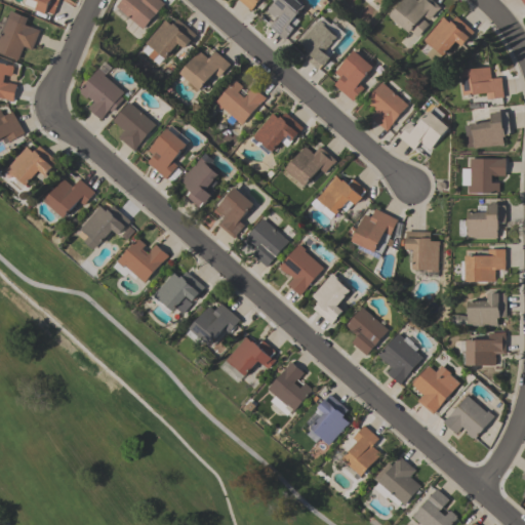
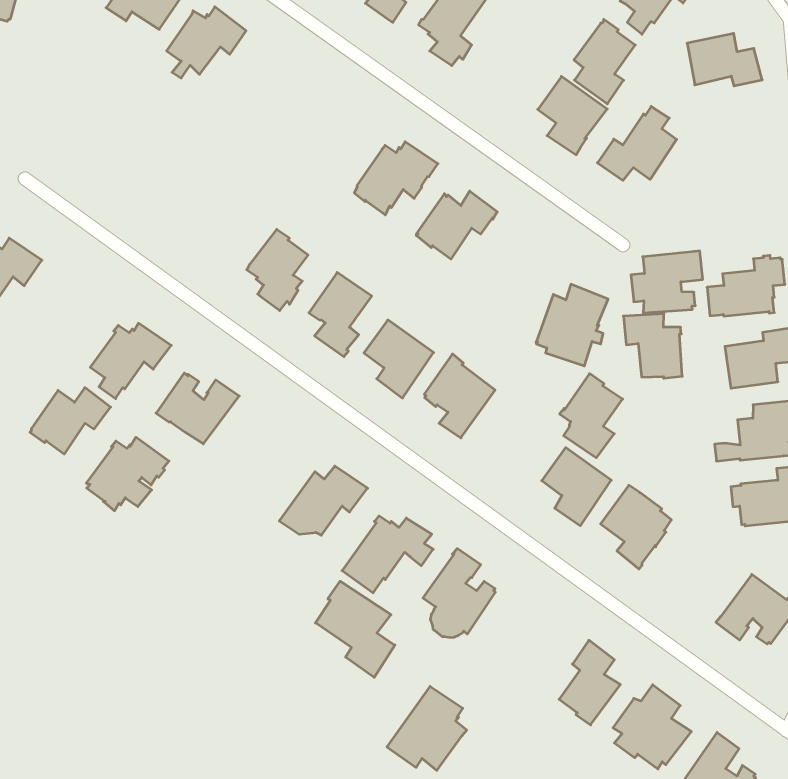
building: [334,49,373,100] -> [574,19,635,104]
building: [179,50,230,91] -> none
building: [80,62,124,119] -> none
building: [213,80,266,124] -> none
building: [113,102,156,150] -> none
building: [463,111,510,148] -> none
building: [147,125,188,178] -> none
building: [461,158,504,193] -> [631,251,703,313]
building: [311,175,365,217] -> none
building: [44,178,94,217] -> [30,388,111,454]
building: [153,271,204,314] -> [86,437,169,511]
building: [312,273,351,324] -> [560,374,623,458]
building: [412,365,459,414] -> none
building: none -> [315,581,395,677]
building: [299,394,349,445] -> [387,686,467,770]

